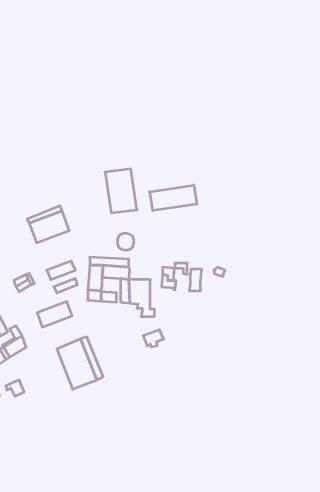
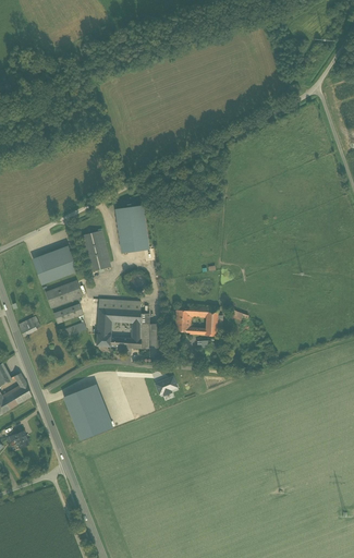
building: [150,185,197,211] -> none
building: none -> [80,230,110,271]
building: [37,302,72,327] -> [45,280,82,307]

